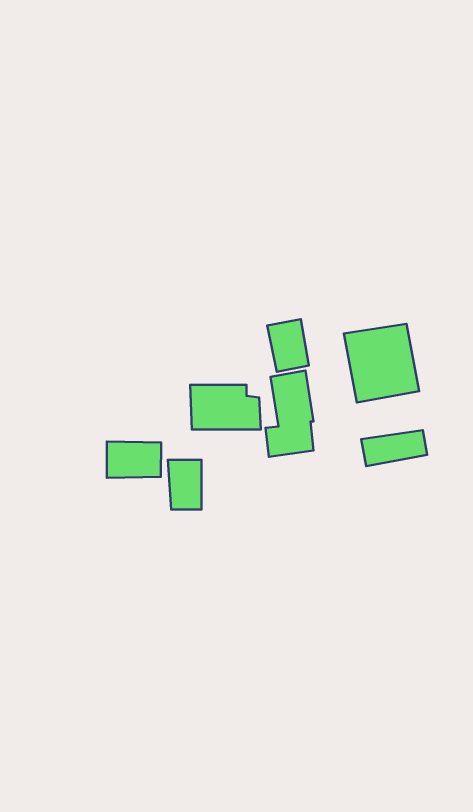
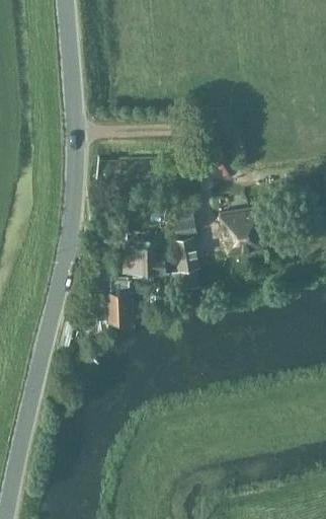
building: [361,430,427,466] -> none
building: [107,442,161,478] -> none

